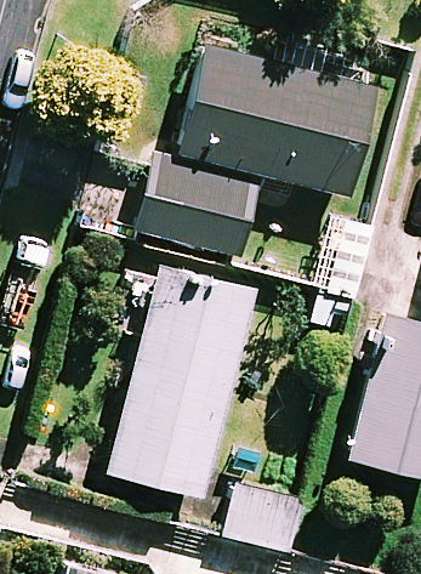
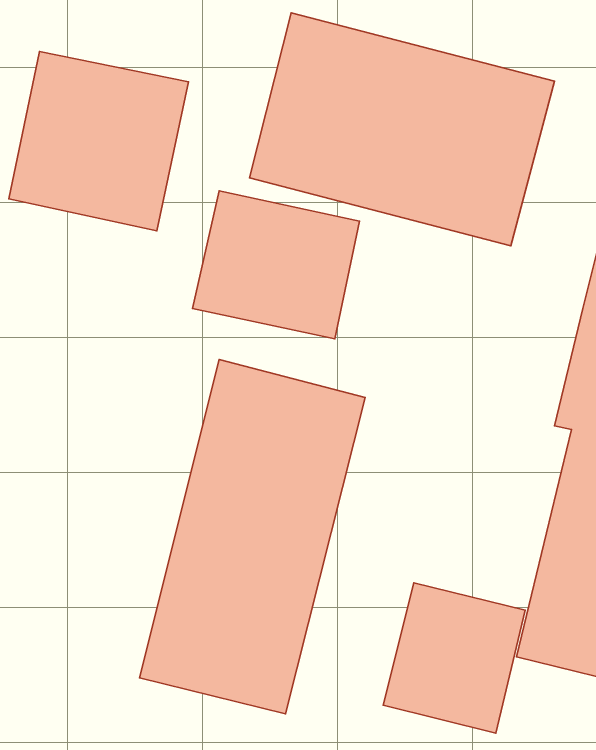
building: none -> [9,52,189,231]
building: none -> [383,583,525,733]

